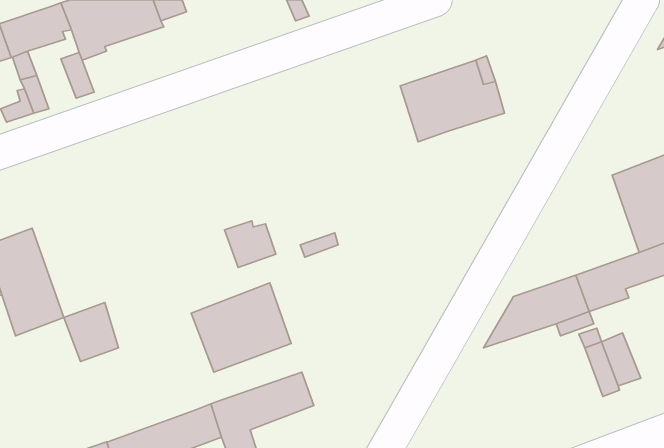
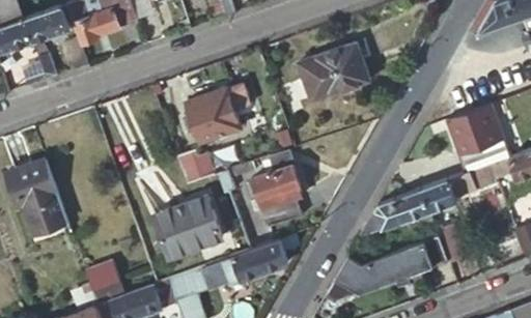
building: none -> [184,86,243,140]
building: none -> [253,148,307,225]
building: [64,302,118,362] -> [87,259,124,299]
building: none -> [232,239,287,279]
building: none -> [329,241,435,299]

